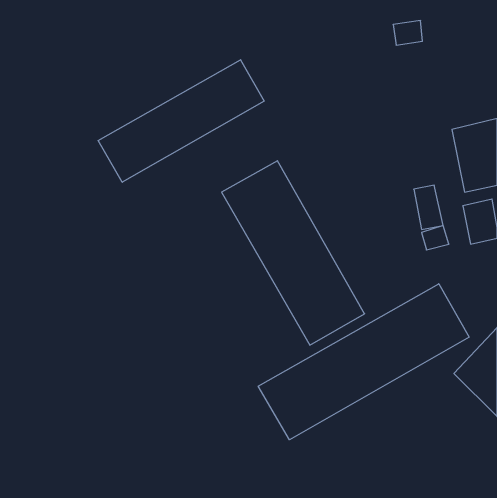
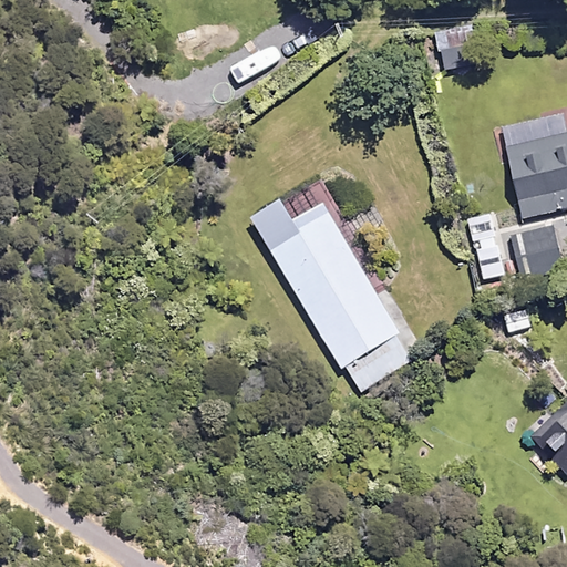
building: [98,60,264,182] -> none
building: [258,284,469,440] -> none

